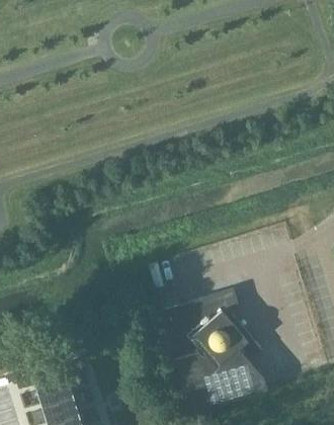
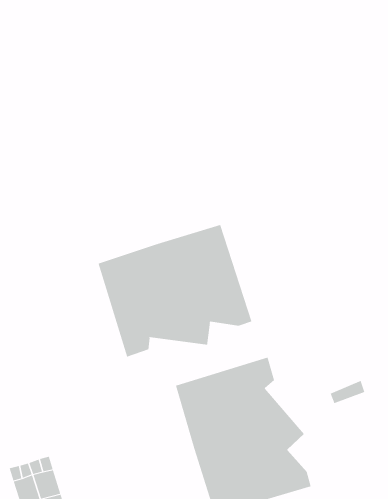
building: none -> [98,224,252,357]

